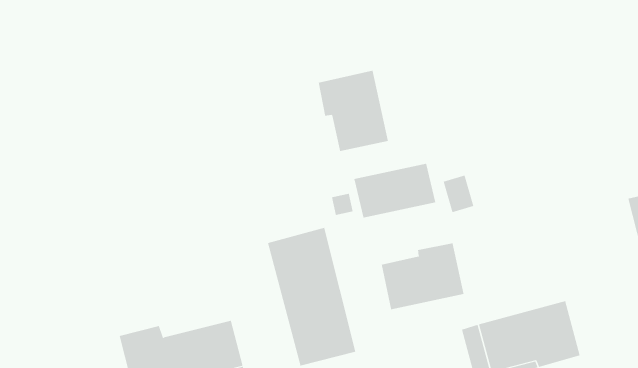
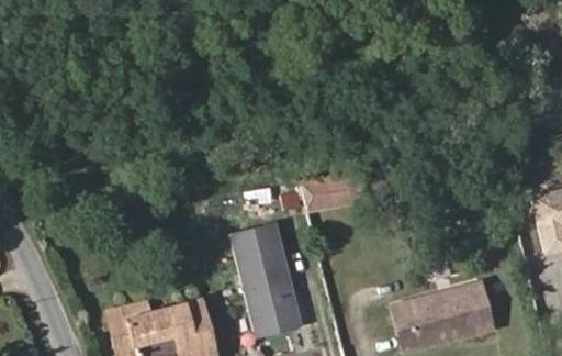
building: [318,70,388,152] -> none
building: [381,242,464,310] -> none

